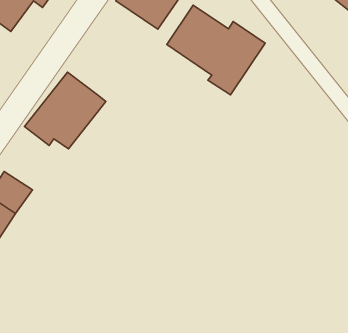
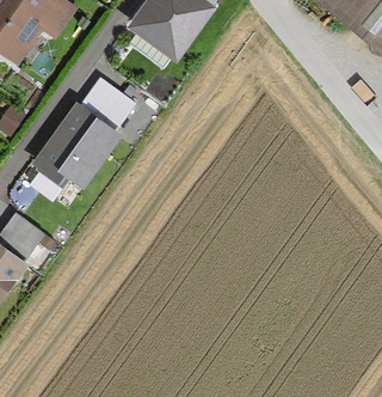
building: [167,5,265,95] -> none
building: none -> [80,80,134,133]

